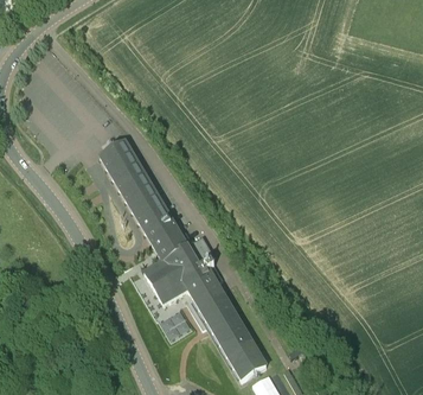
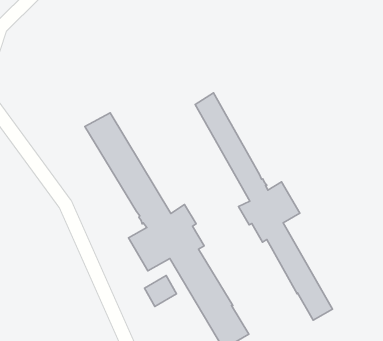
building: none -> [195,93,332,320]

